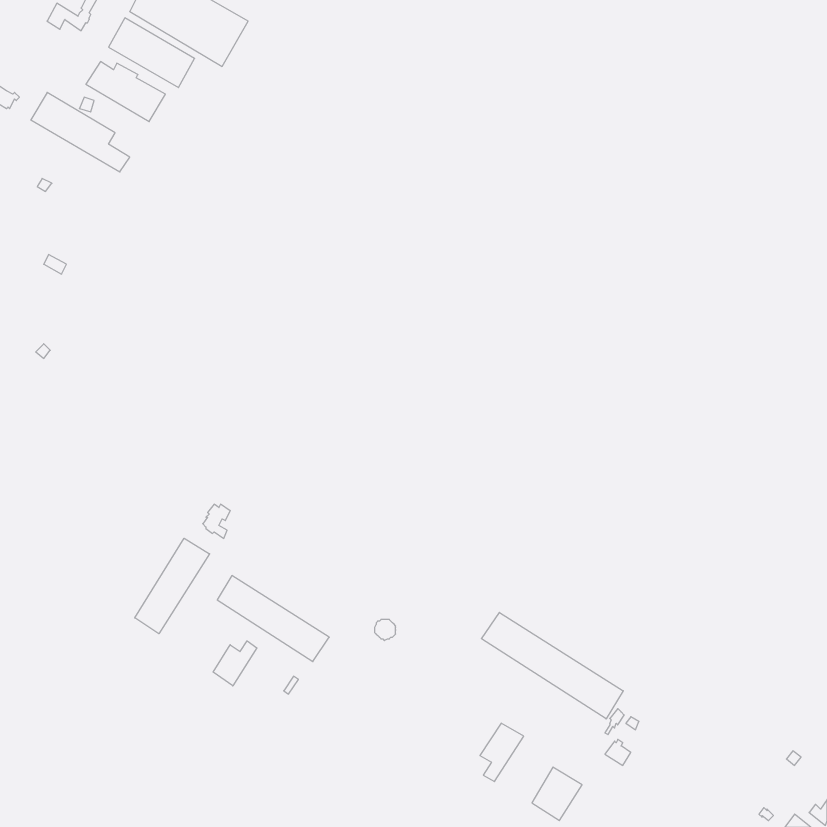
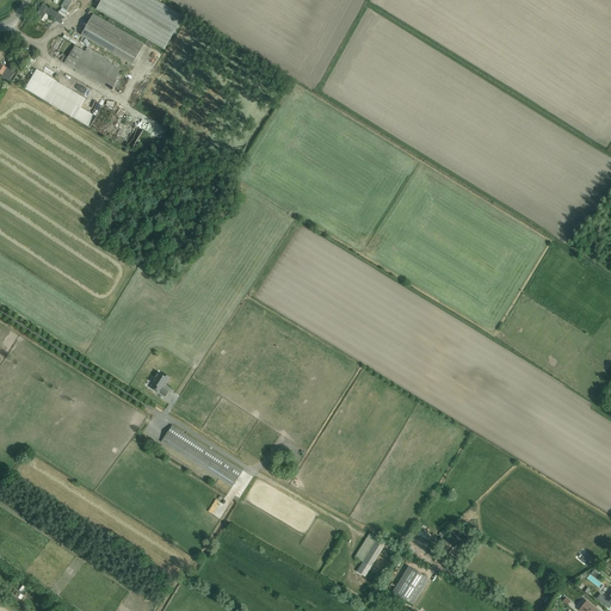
building: [135,538,210,634] -> none
building: [481,612,623,719] -> none
building: [213,641,257,686] -> none

